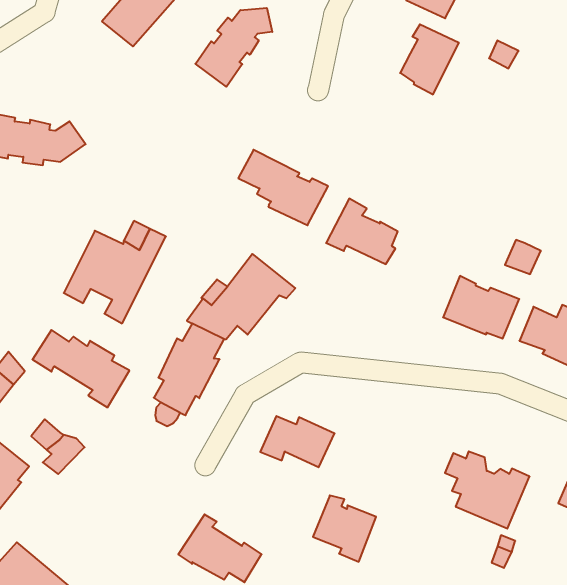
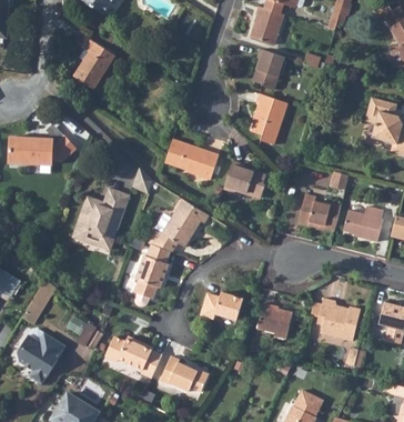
building: [195,8,272,87] -> none
building: none -> [250,97,287,147]
building: [32,330,129,407] -> [105,338,163,379]
building: [313,495,376,562] -> [255,303,291,340]

